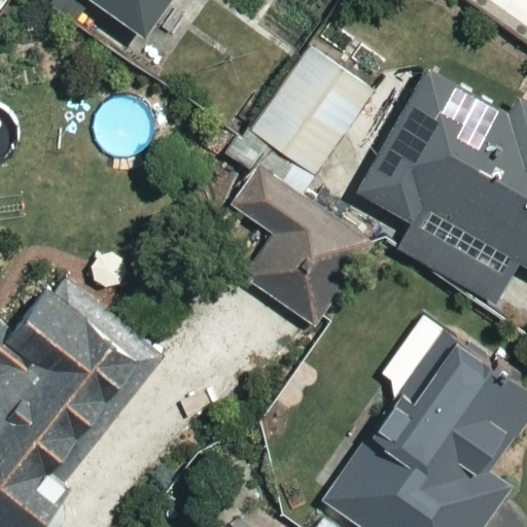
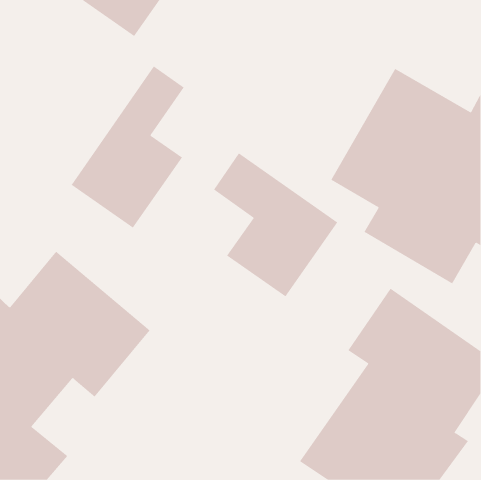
building: [252,47,373,175] -> none
building: none -> [71,65,184,228]

